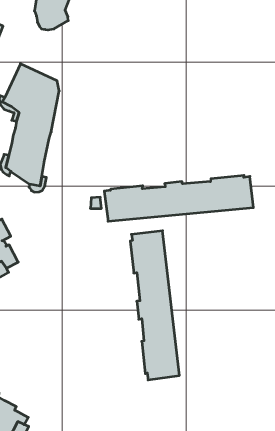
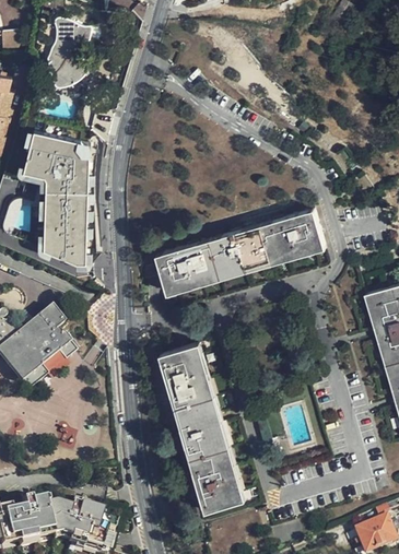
building: [130,231,179,380] -> [163,342,243,510]

